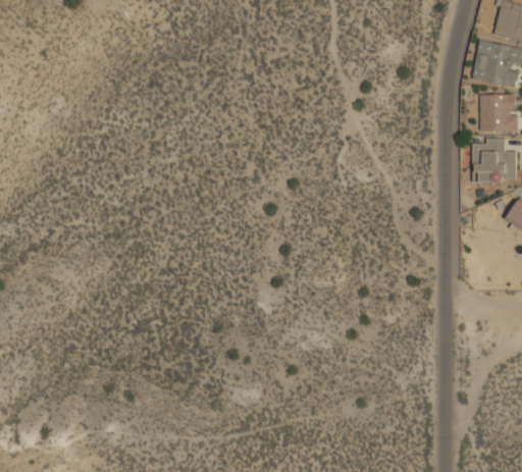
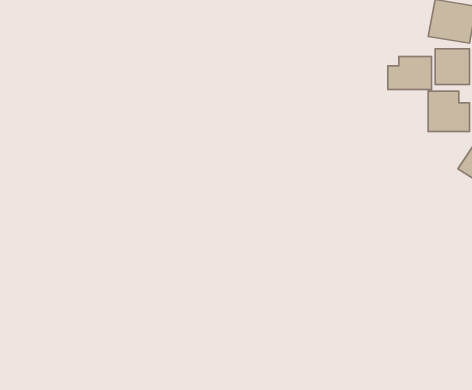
building: none -> [388,56,431,89]

